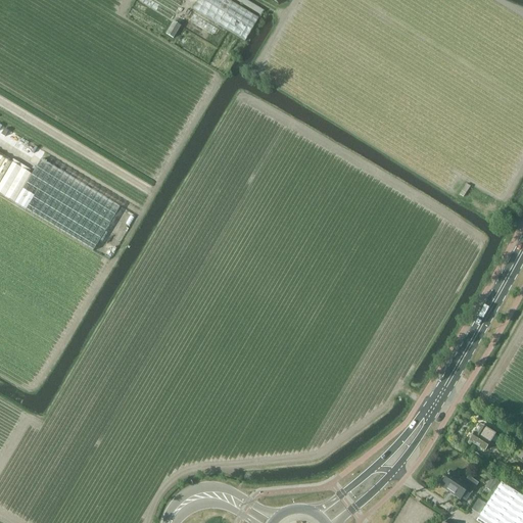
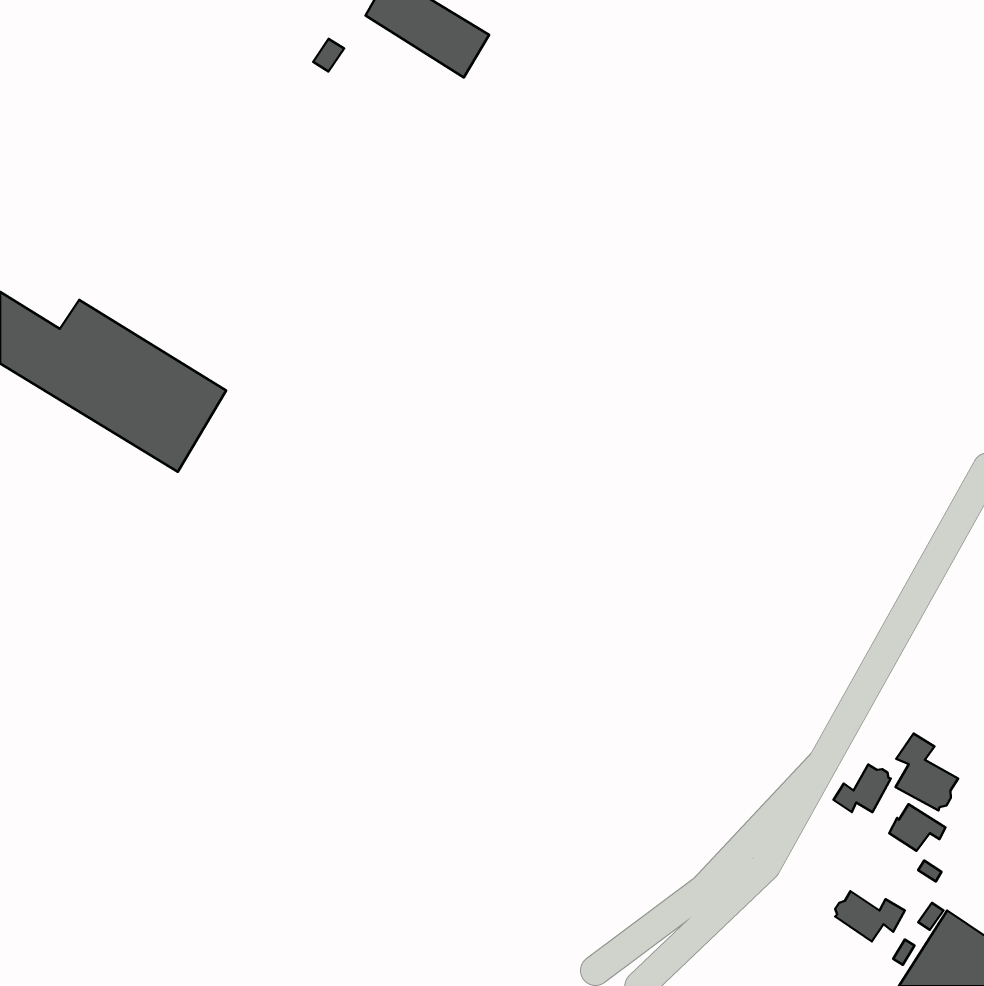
building: none -> [895,733,958,810]
building: none -> [834,764,891,812]

